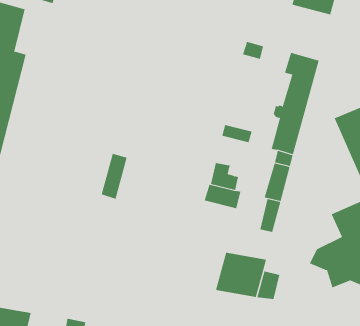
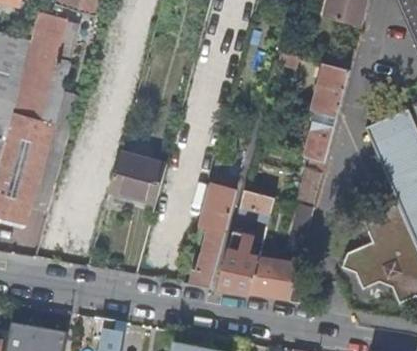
building: none -> [109,152,150,200]
building: none -> [189,173,239,287]
building: none -> [218,229,260,293]

